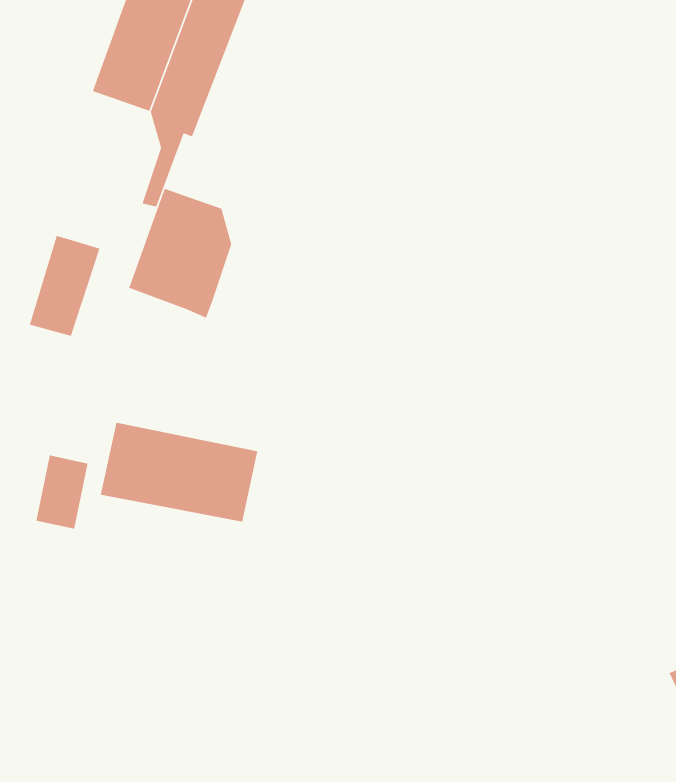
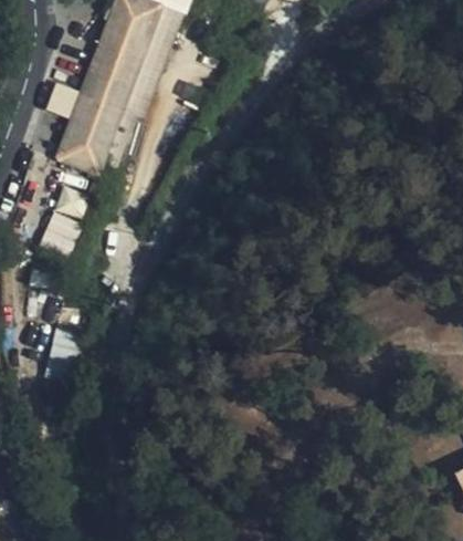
building: [128,188,232,319] -> [57,92,125,177]
building: [100,422,258,522] -> none

